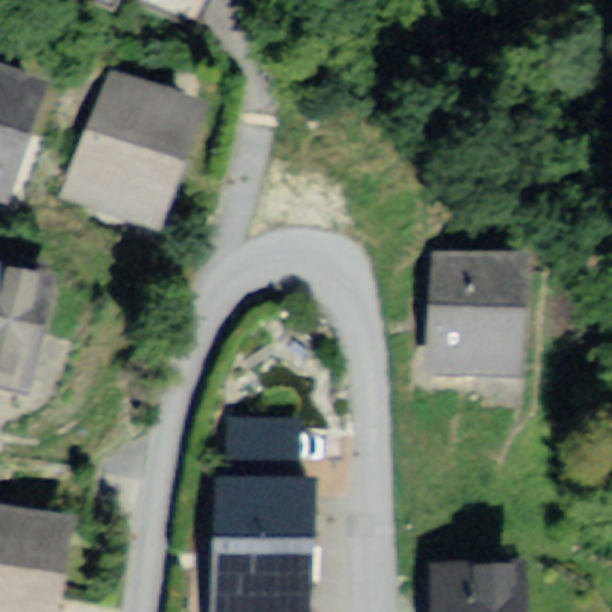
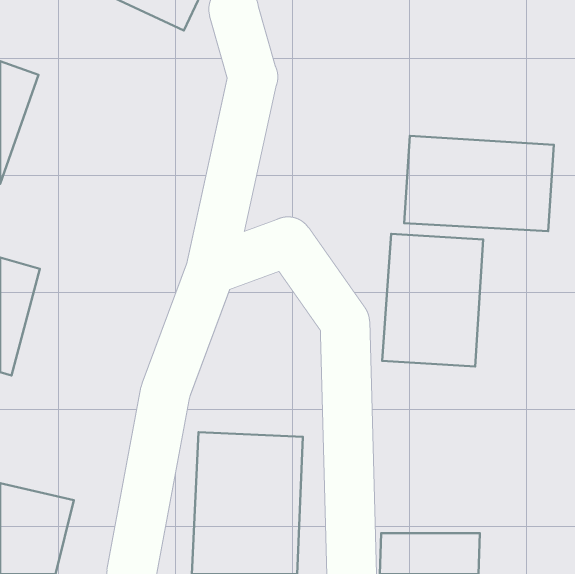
building: [62,66,215,233] -> none
building: none -> [404,136,554,231]

